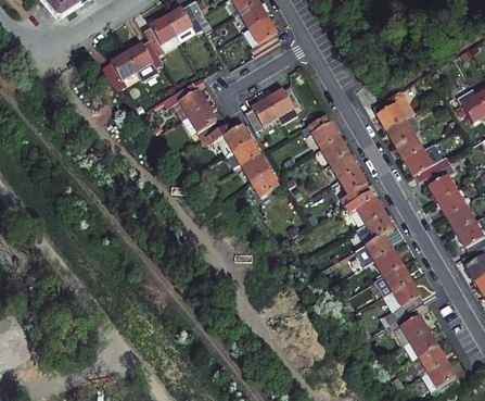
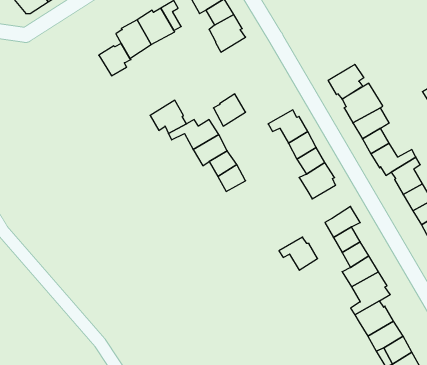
building: [105,58,139,95] -> none
building: none -> [328,64,364,99]
building: [159,82,205,118] -> none
building: [266,86,299,123] -> none
building: [344,189,383,223] -> [279,237,318,270]

